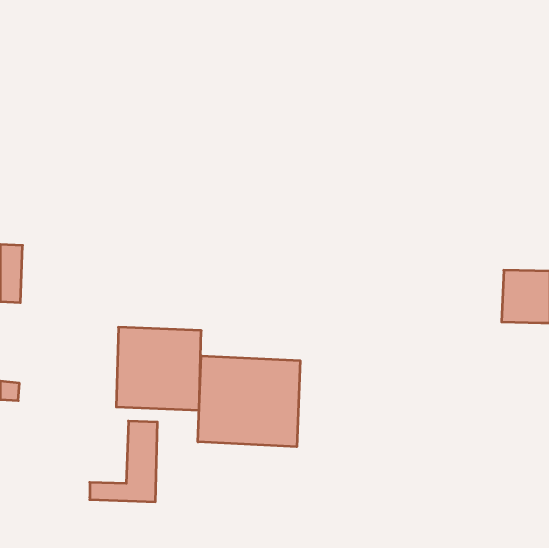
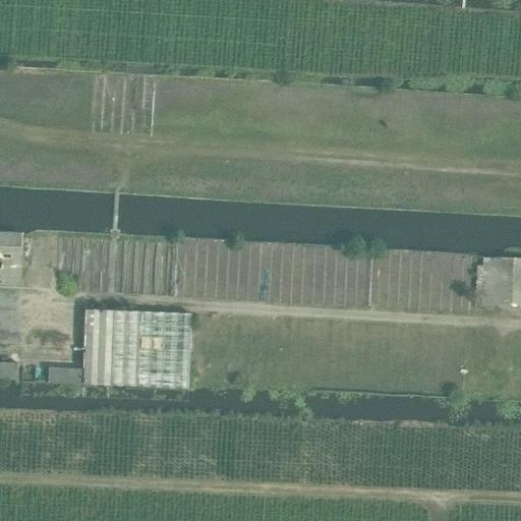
building: [198,356,300,447] -> none
building: [90,421,157,502] -> [49,308,113,385]

